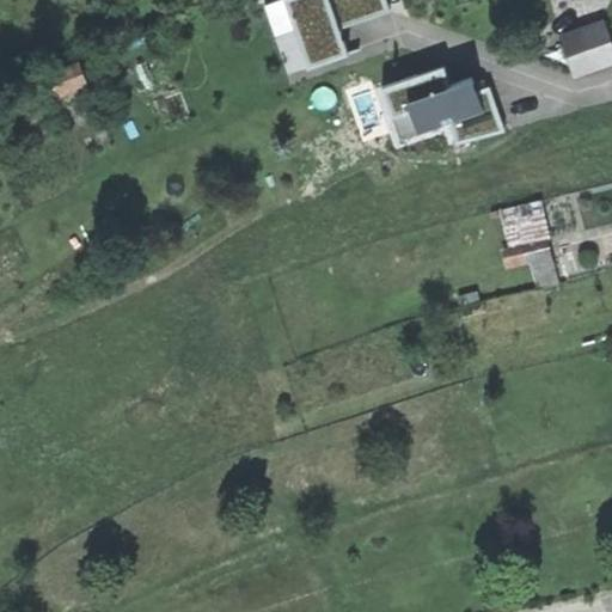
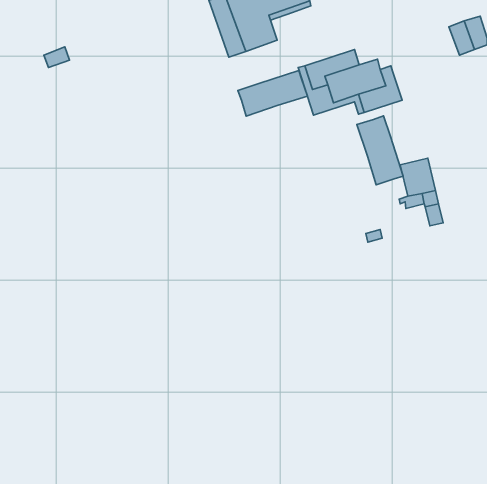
building: none -> [238,70,307,116]
building: none -> [357,116,403,185]

